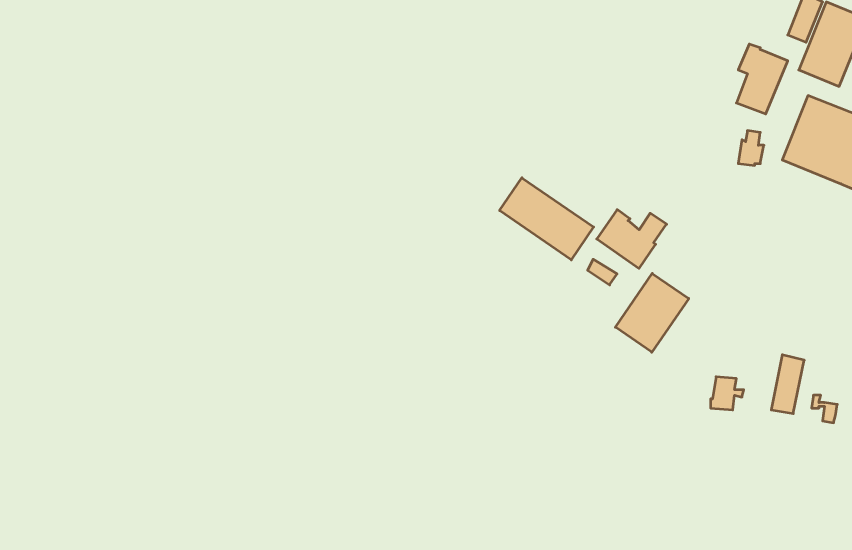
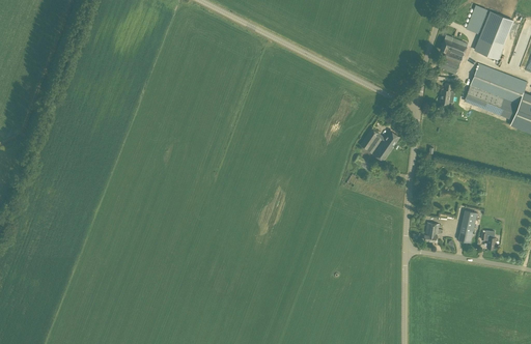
building: [500,178,594,260] -> none
building: [615,273,689,352] -> none

